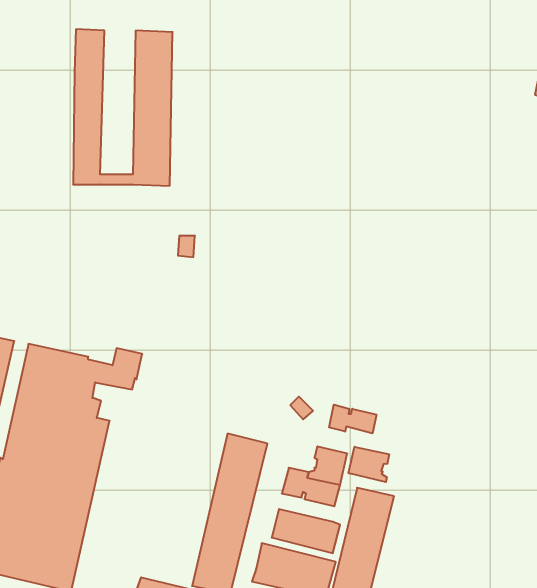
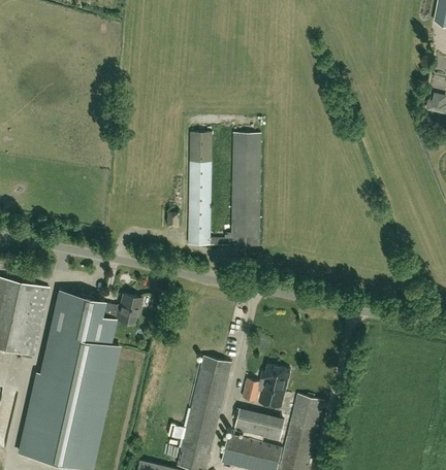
building: [73,29,173,186] -> [189,132,261,245]
building: [329,405,376,433] -> none
building: [349,447,389,482] -> none

